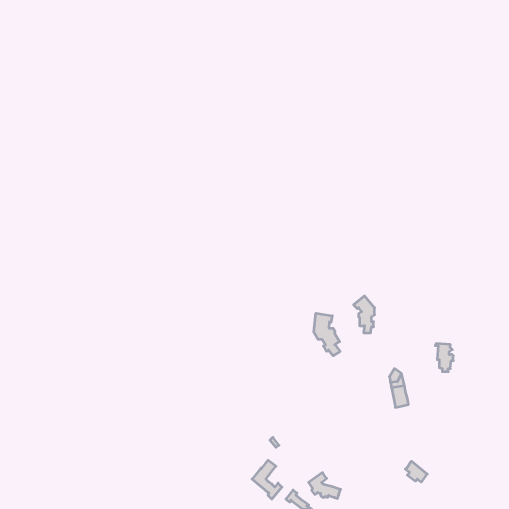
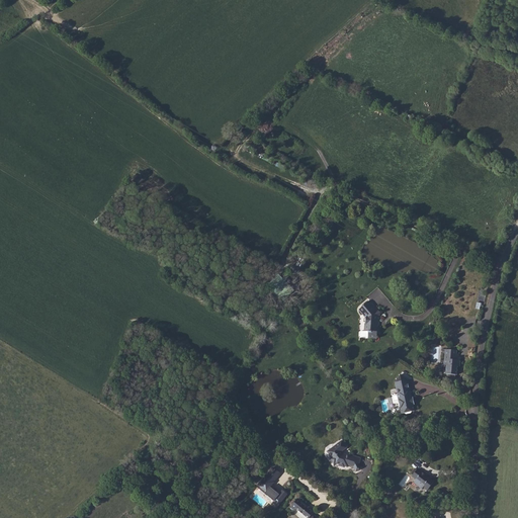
building: [314,313,340,356] -> none
building: [309,473,341,498] -> [328,441,360,467]

